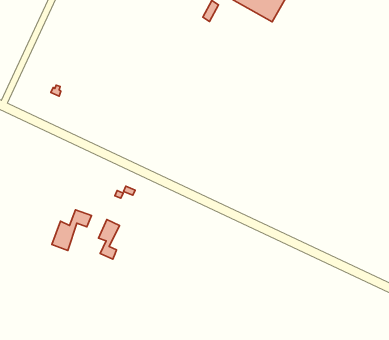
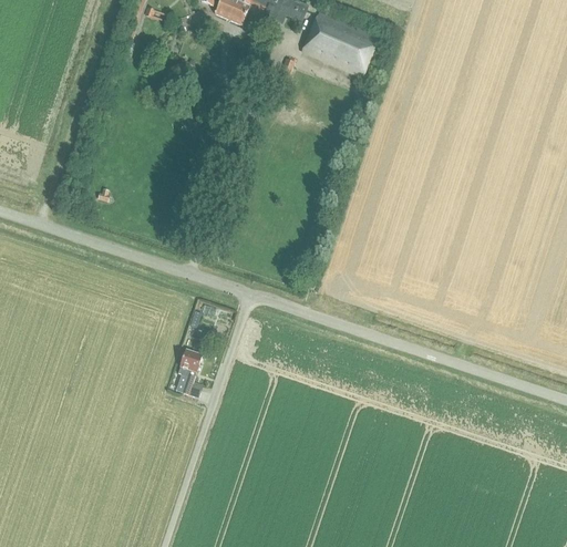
building: [52,210,92,250] -> none

